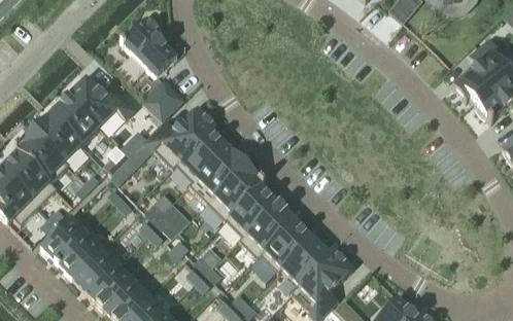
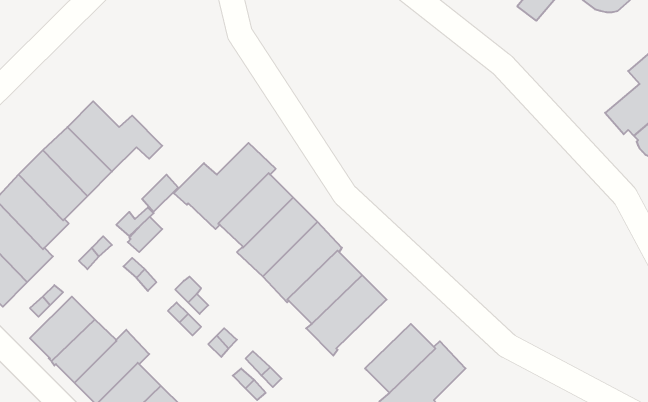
building: [121,15,177,77] -> none
building: [143,79,184,119] -> none
building: [251,218,314,281] -> none

